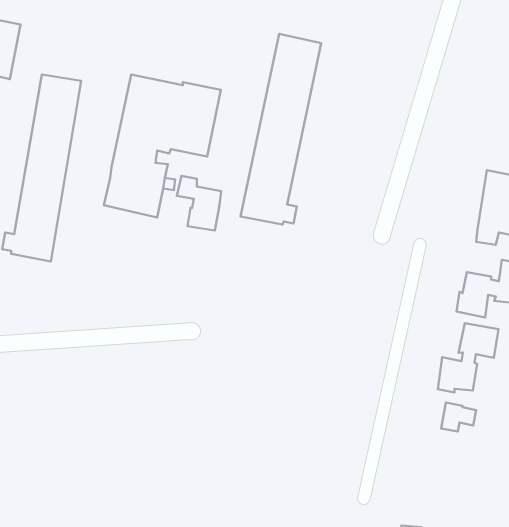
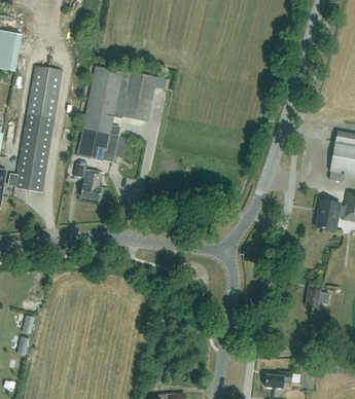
building: [240,34,321,224] -> none
building: [177,176,221,231] -> [73,162,103,199]
building: [438,323,498,392] -> none

